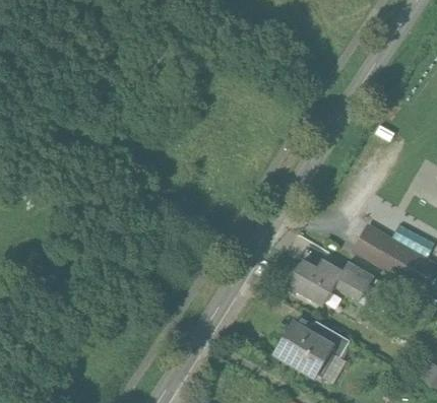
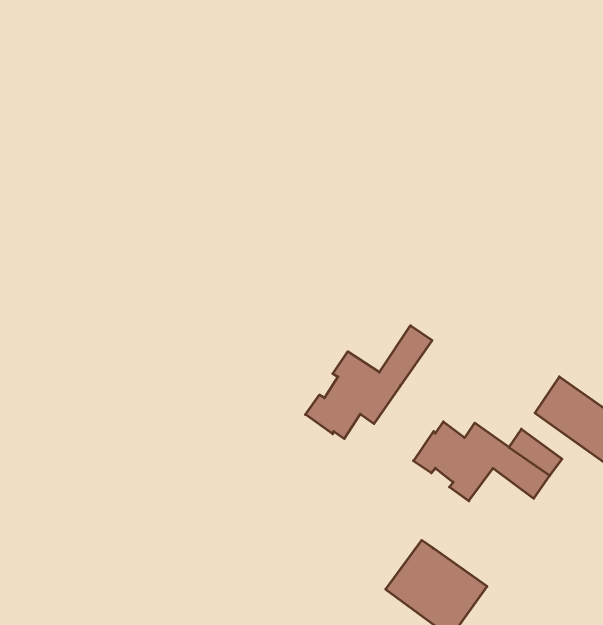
building: none -> [305,326,432,439]
building: [303,323,355,358] -> none

